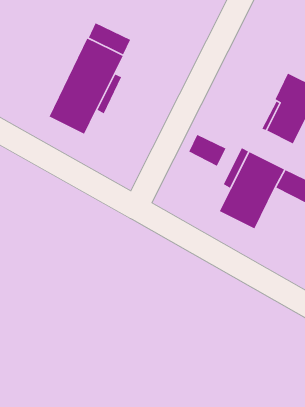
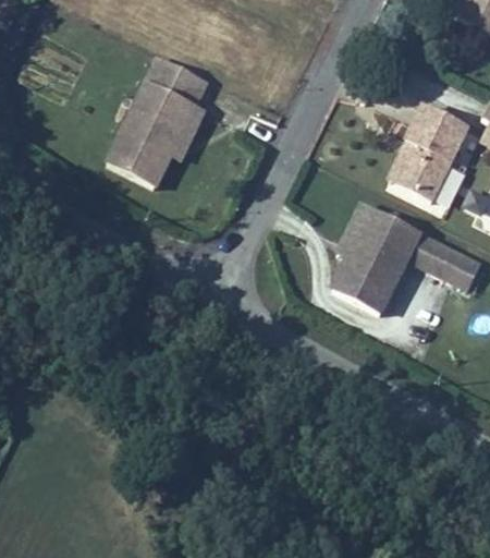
building: [88,22,131,55] -> none
building: [188,134,227,167] -> none

